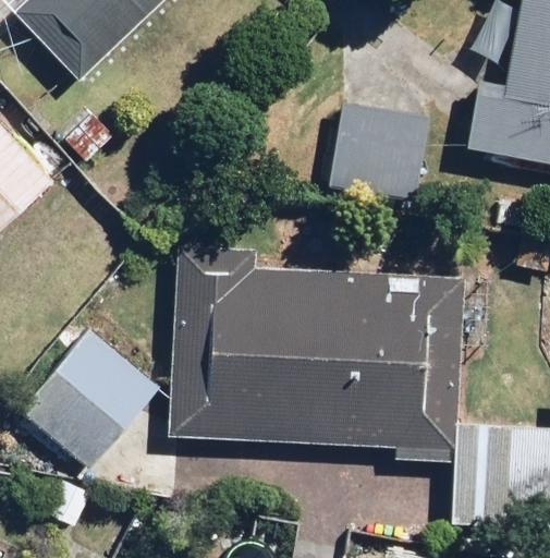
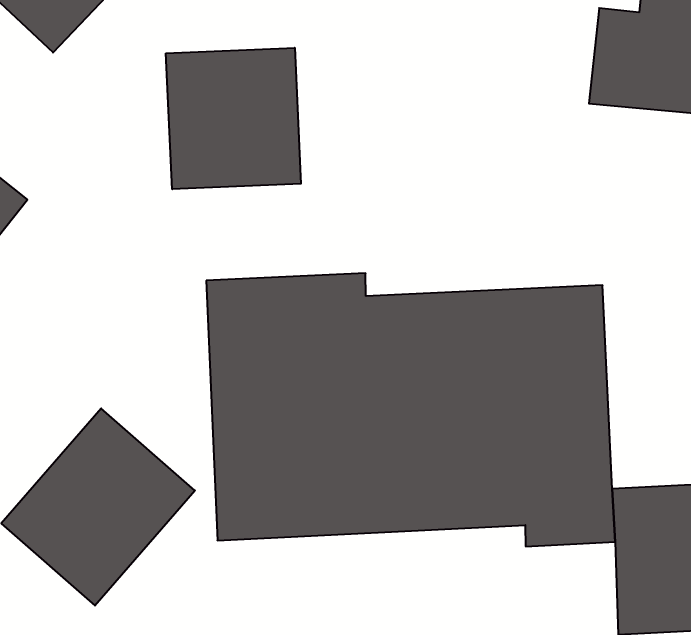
building: none -> [166,48,301,189]
building: [321,98,436,209] -> none

